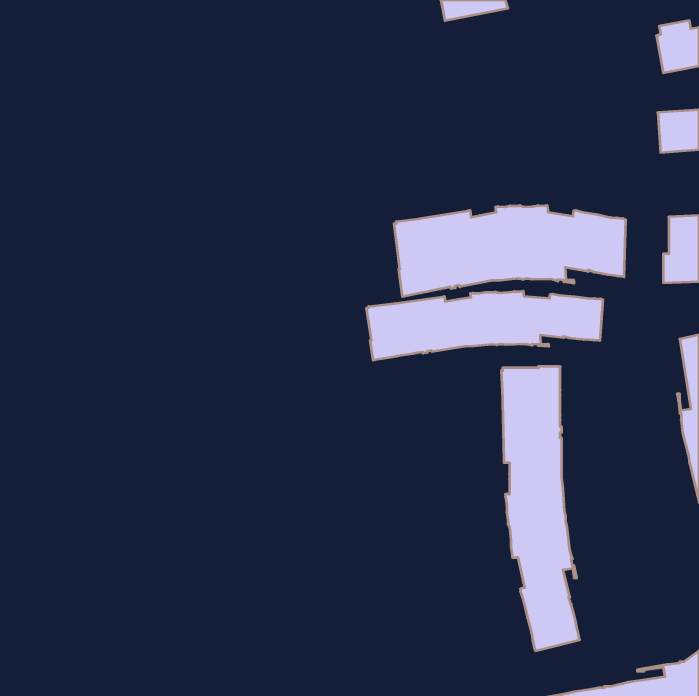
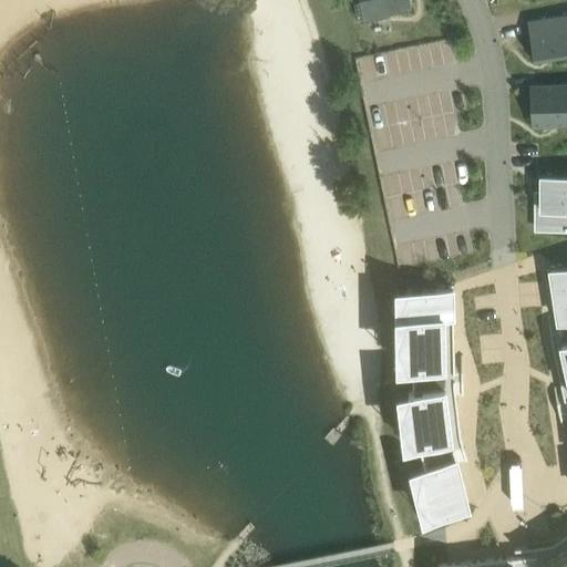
building: [394,205,626,297] -> none
building: [367,291,603,360] -> none

